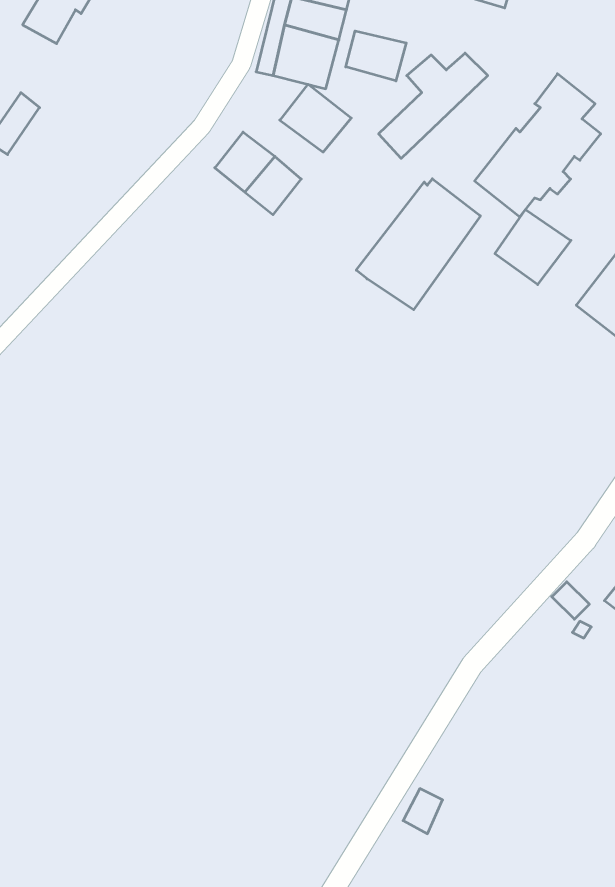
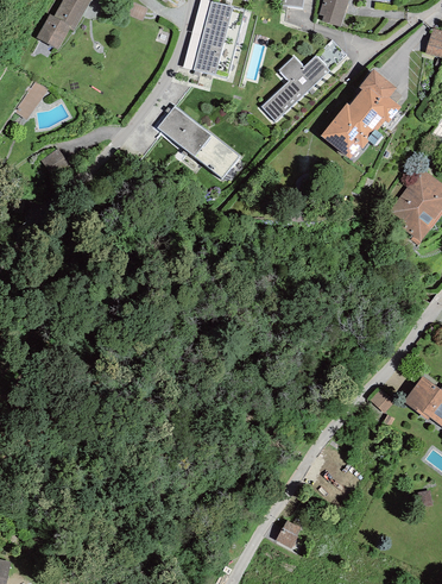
building: [346,31,406,81] -> none
building: [280,84,351,152] -> [194,134,239,177]
building: [356,179,480,310] -> none
building: [495,209,571,285] -> none

